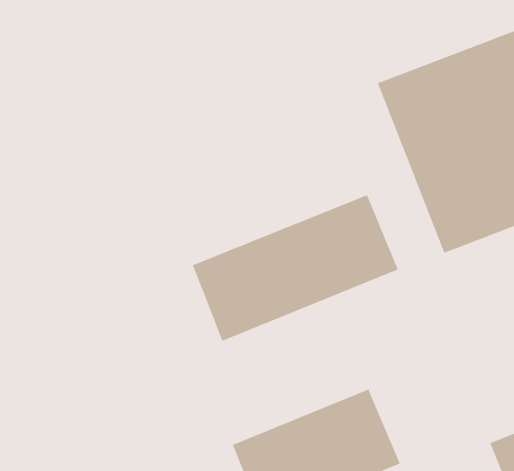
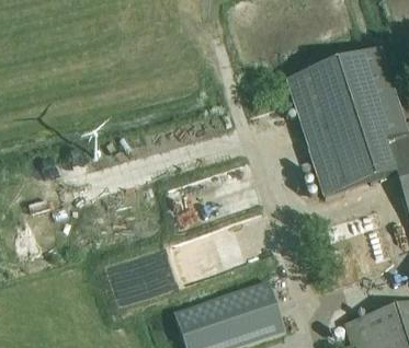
building: [192,194,399,342] -> none

